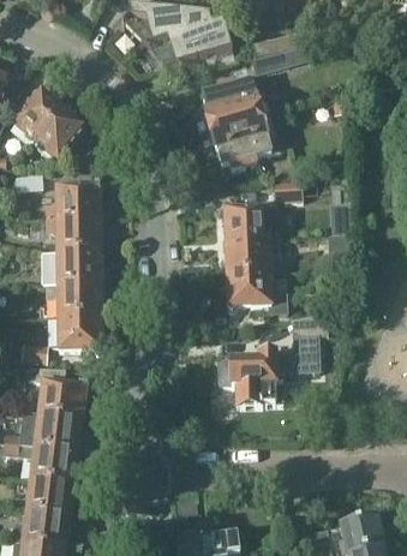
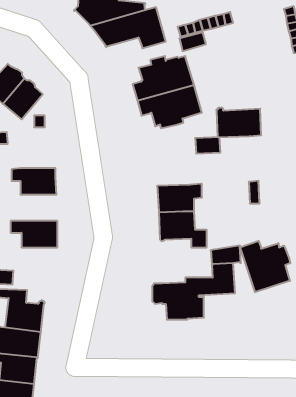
building: [46,173,100,219] -> none
building: [223,203,279,239] -> [216,108,261,137]
building: [44,250,102,282] -> none
building: none -> [240,241,290,292]
building: [58,315,102,352] -> none

